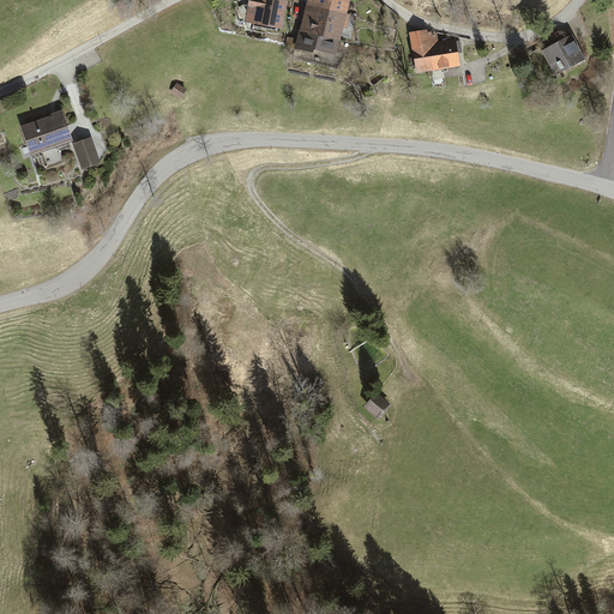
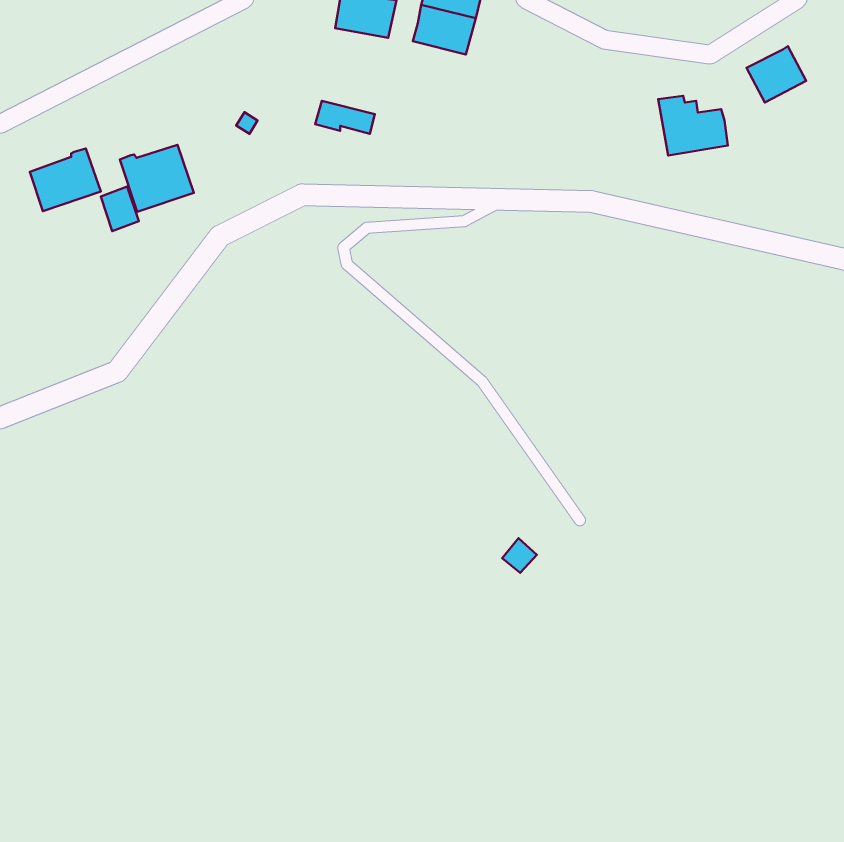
building: [409,29,459,72] -> [658,96,728,155]
building: [295,30,338,54] -> [315,101,375,134]
building: none -> [120,145,194,212]

